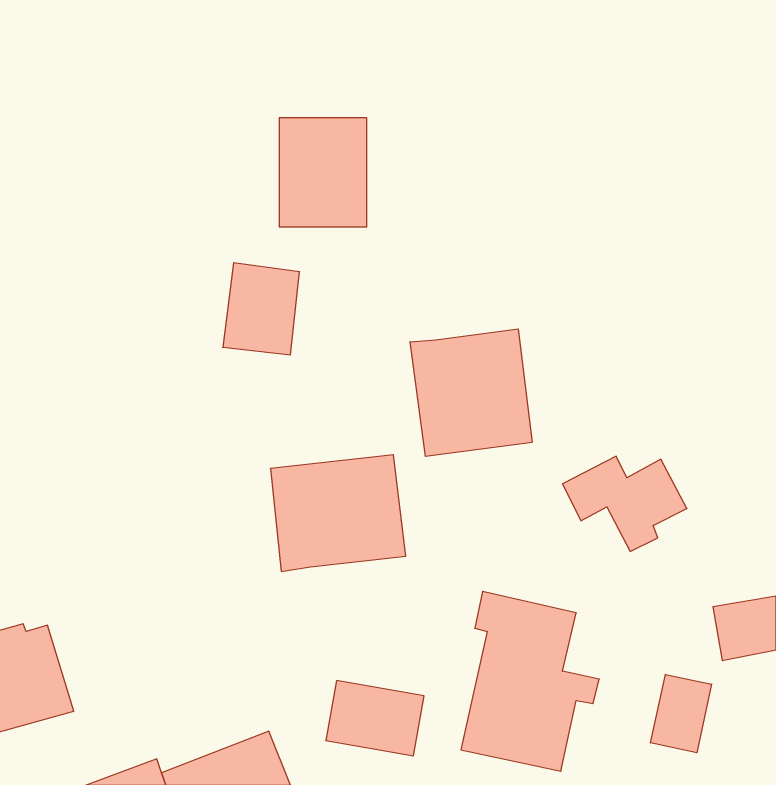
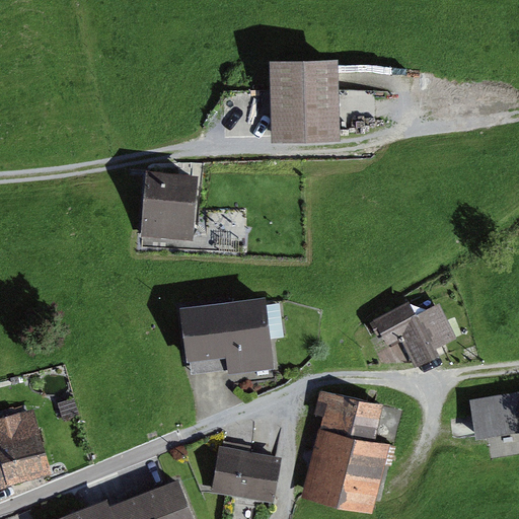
building: [279,118,367,227] -> [282,62,340,134]
building: [410,329,532,456] -> none
building: [651,674,712,753] -> none

